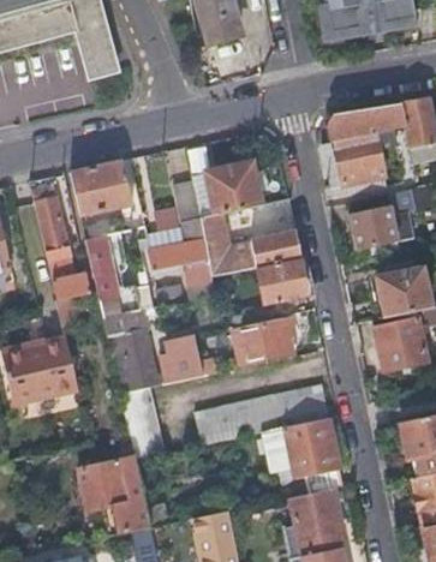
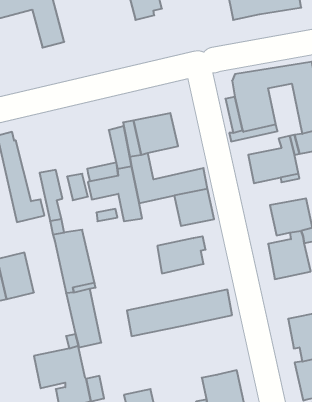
building: [71,160,132,222] -> none
building: [160,333,204,381] -> none
building: [269,417,342,492] -> none

